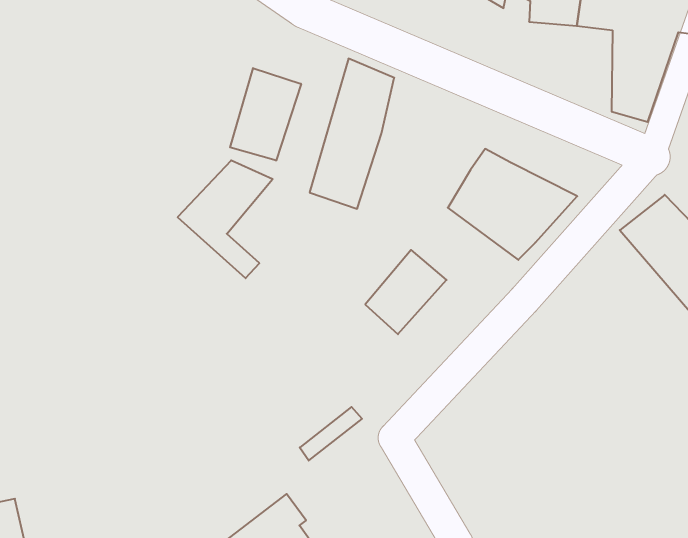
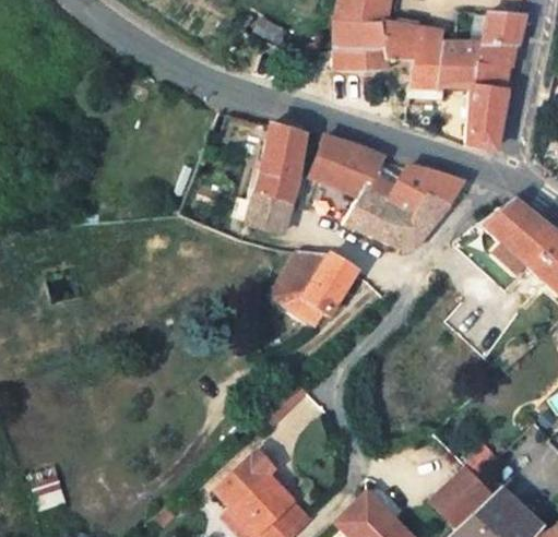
building: [230,68,301,161] -> none
building: none -> [313,138,384,195]
building: none -> [395,165,459,205]
building: [178,160,273,278] -> [265,249,331,333]

